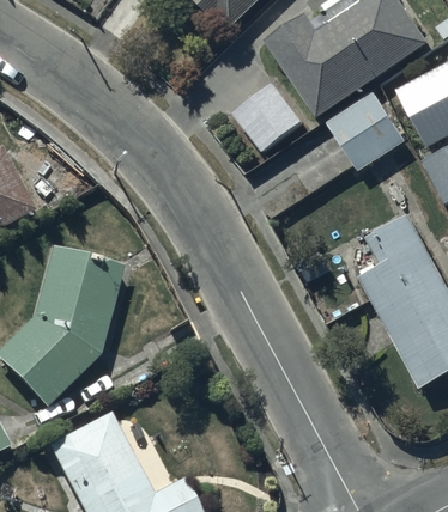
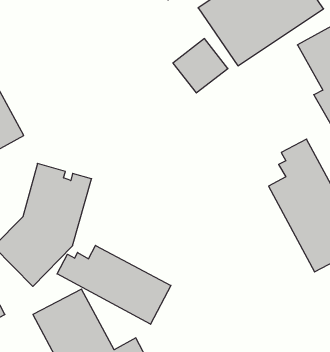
building: [326,90,407,171] -> none
building: none -> [57,245,171,324]

